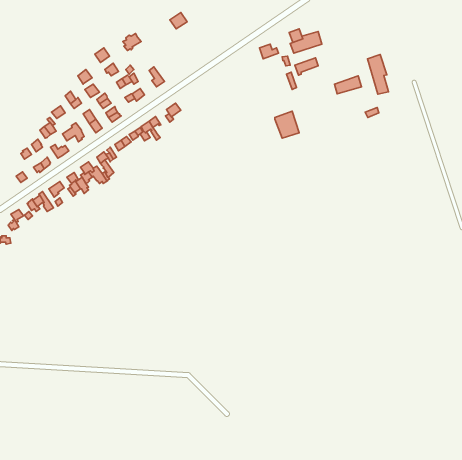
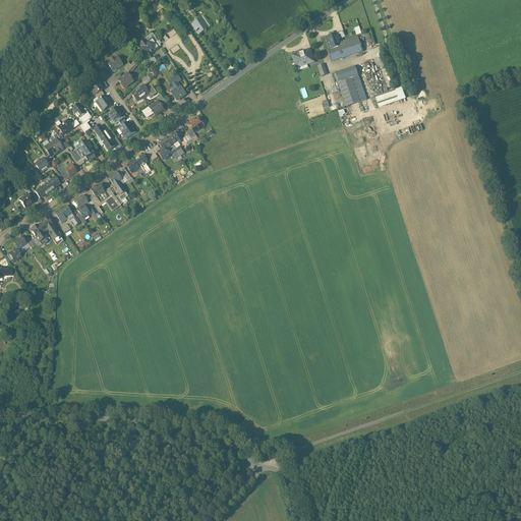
building: [367,55,388,94] -> none
building: [275,111,299,138] -> [339,74,366,105]

